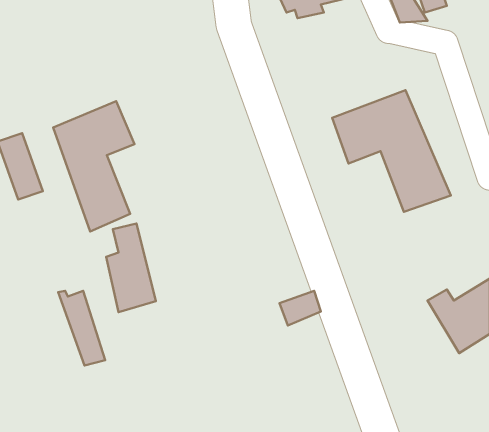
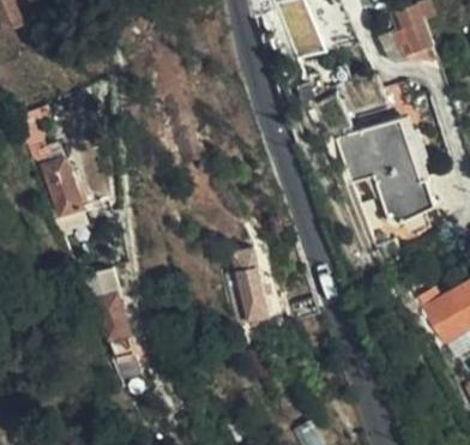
building: [53,101,134,231] -> none
building: [106,224,156,312] -> [227,243,270,320]

